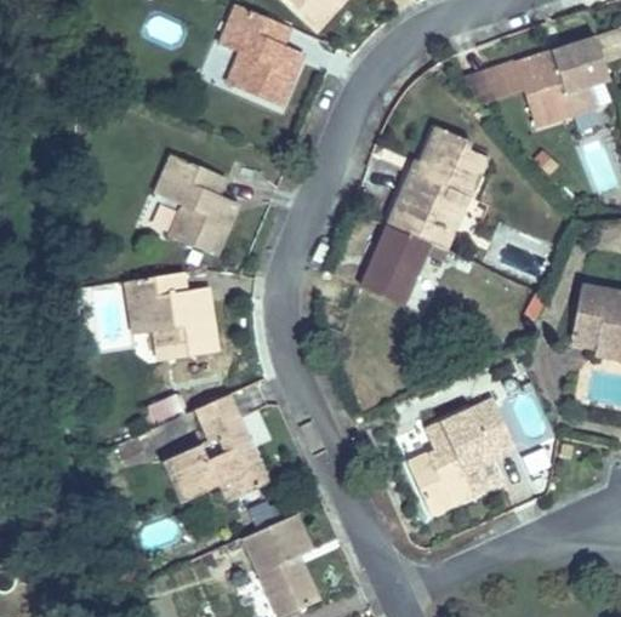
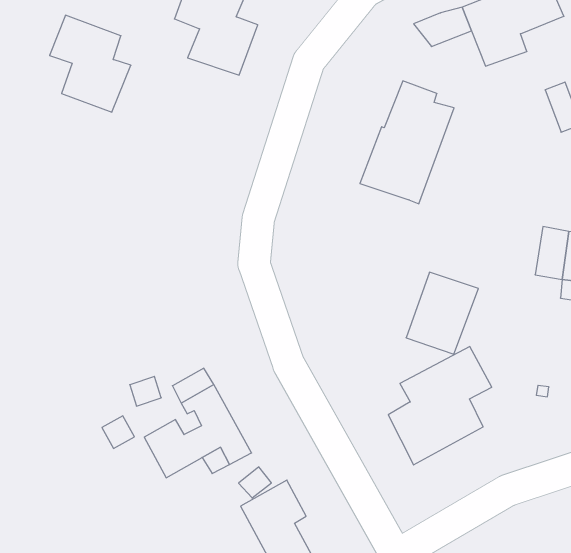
building: [158,158,238,258] -> [50,15,131,112]
building: [364,225,440,309] -> [406,272,478,354]
building: [124,269,217,358] -> none

